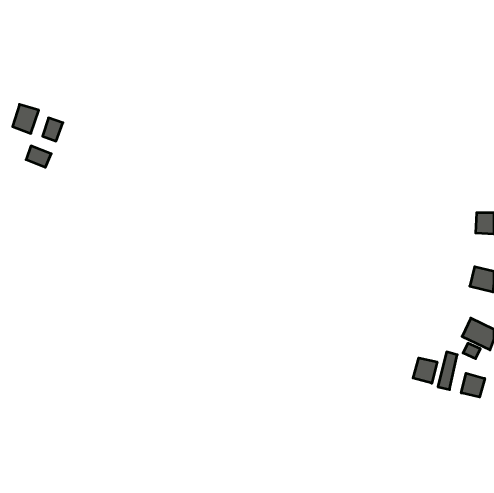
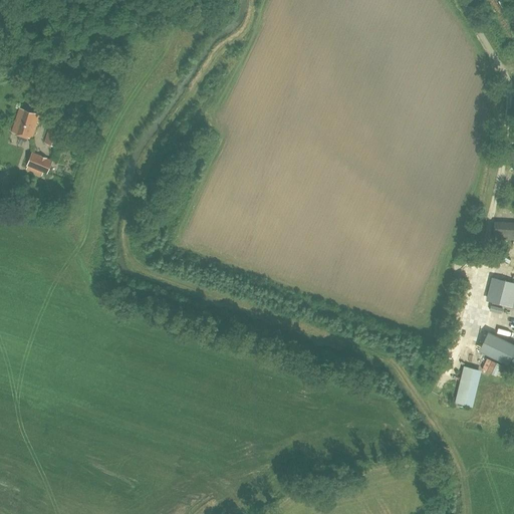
building: [413,358,437,383] -> none
building: [461,373,485,397] -> none

